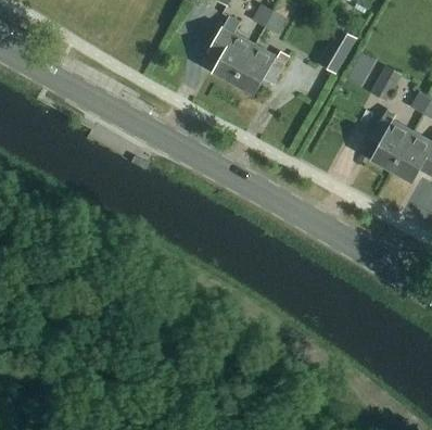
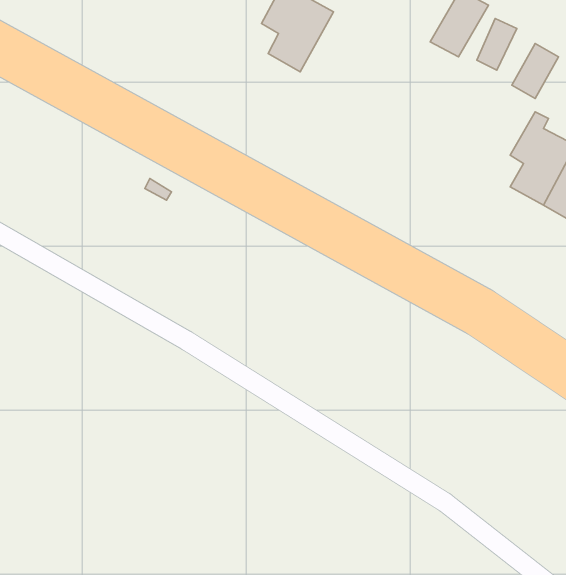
building: [234,45,291,94] -> none

